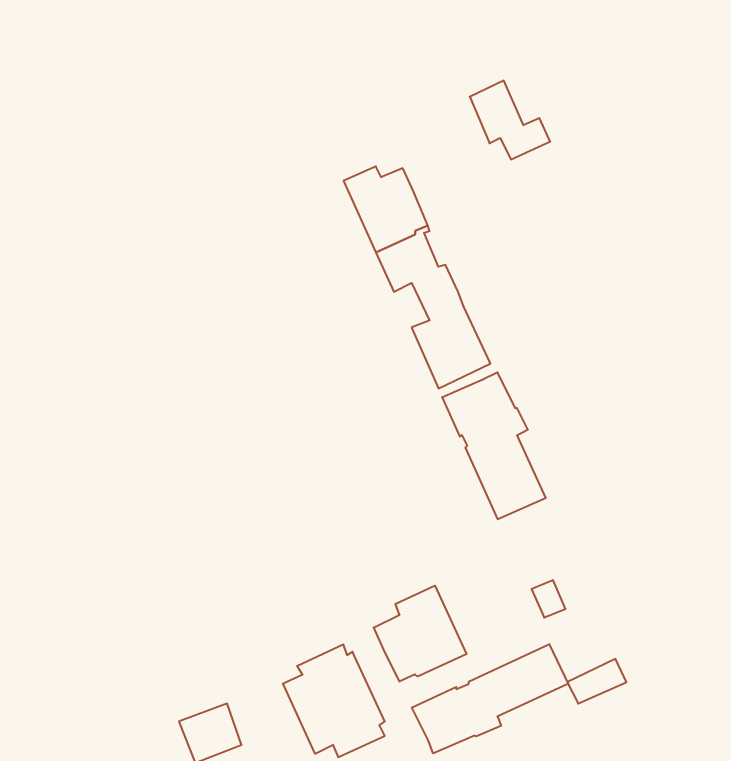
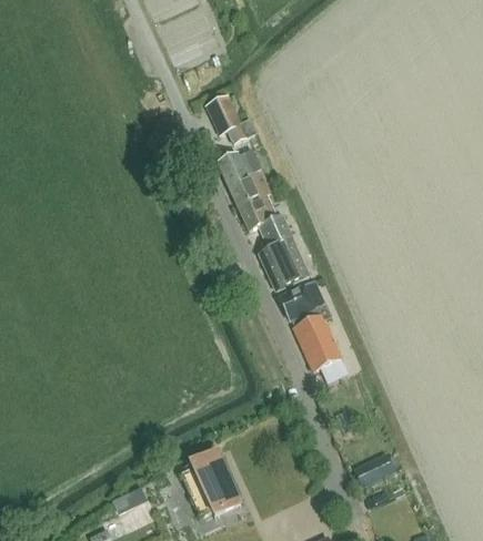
building: [470,81,550,159] -> [207,94,256,143]
building: [374,586,467,682] -> none
building: [412,644,568,753] -> none

